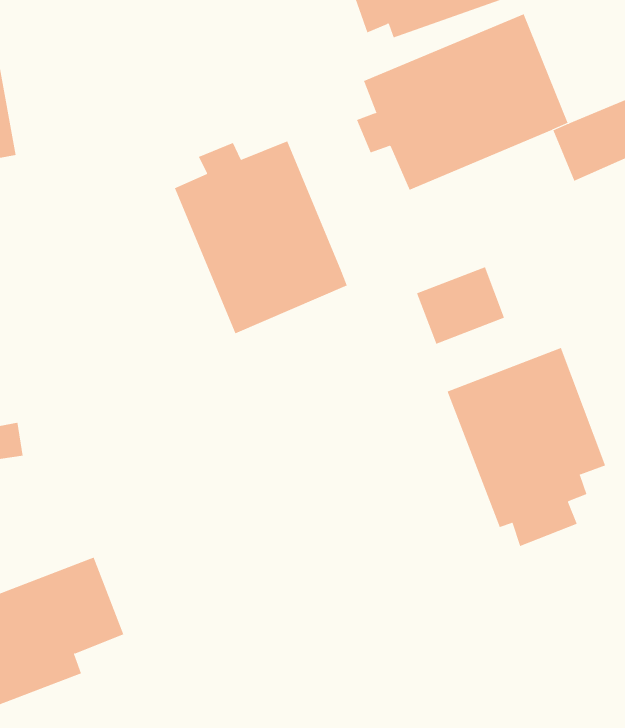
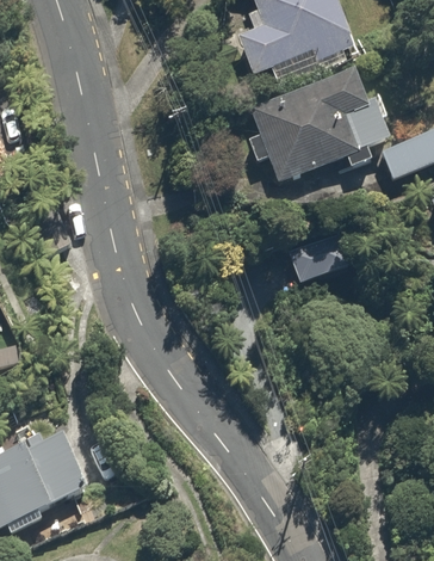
building: [174,141,348,334] -> none
building: [447,347,606,547] -> none

